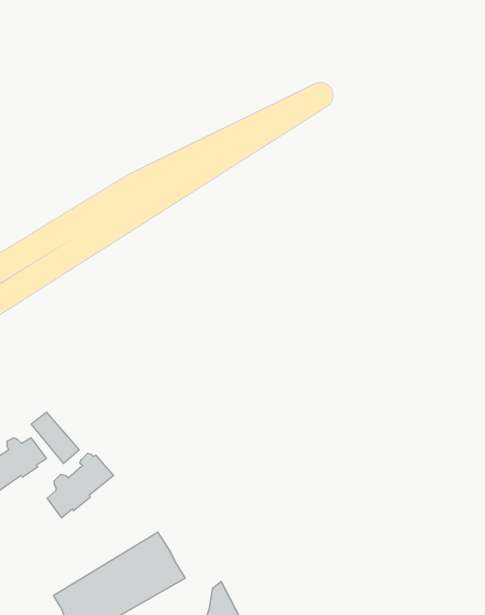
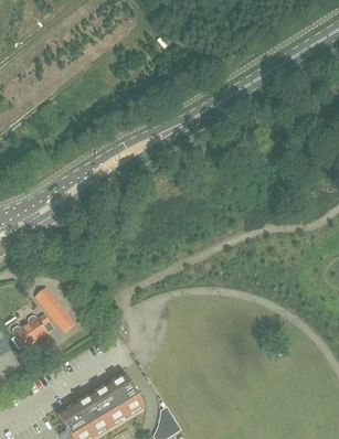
building: [47,453,114,518] -> none

